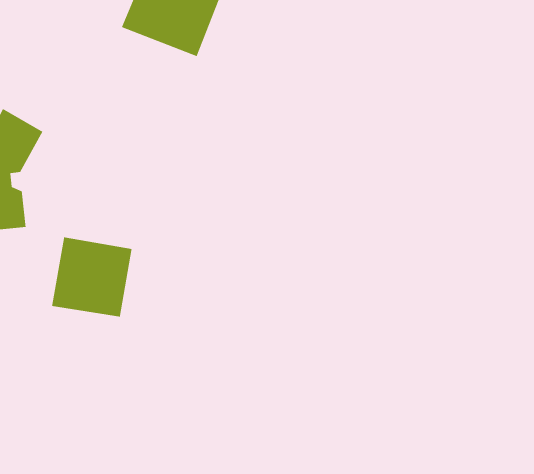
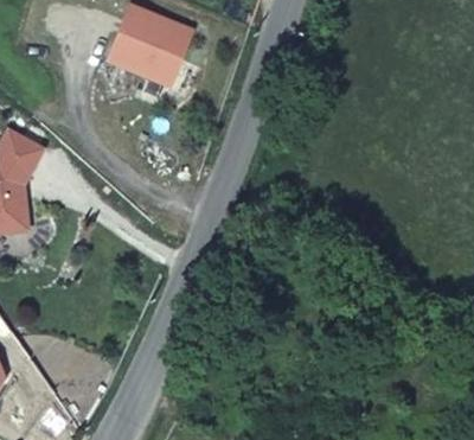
building: [51,236,132,317] -> none

